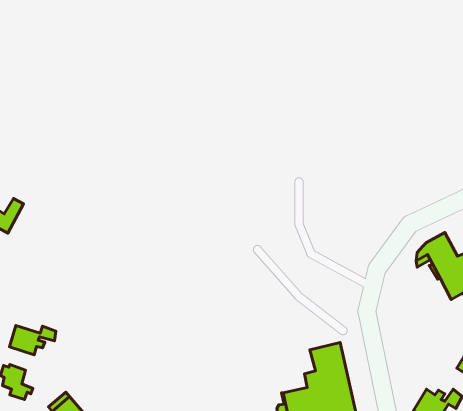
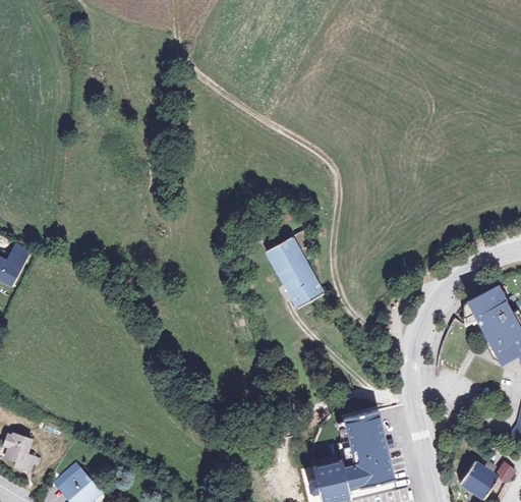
building: none -> [269,232,325,309]
building: [9,326,56,355] -> none

